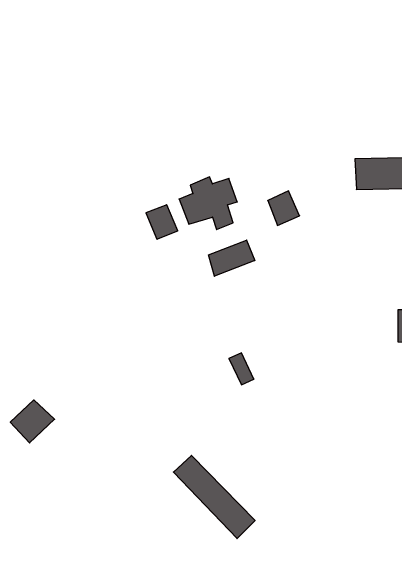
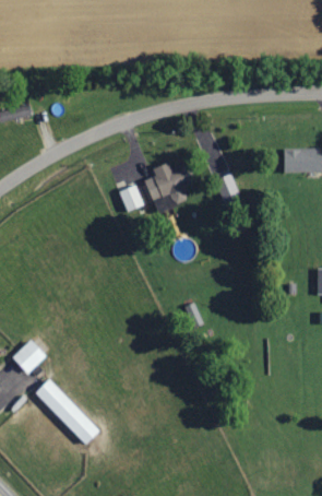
building: [209,240,255,276] -> none
building: [173,455,255,539] -> [36,379,100,445]

